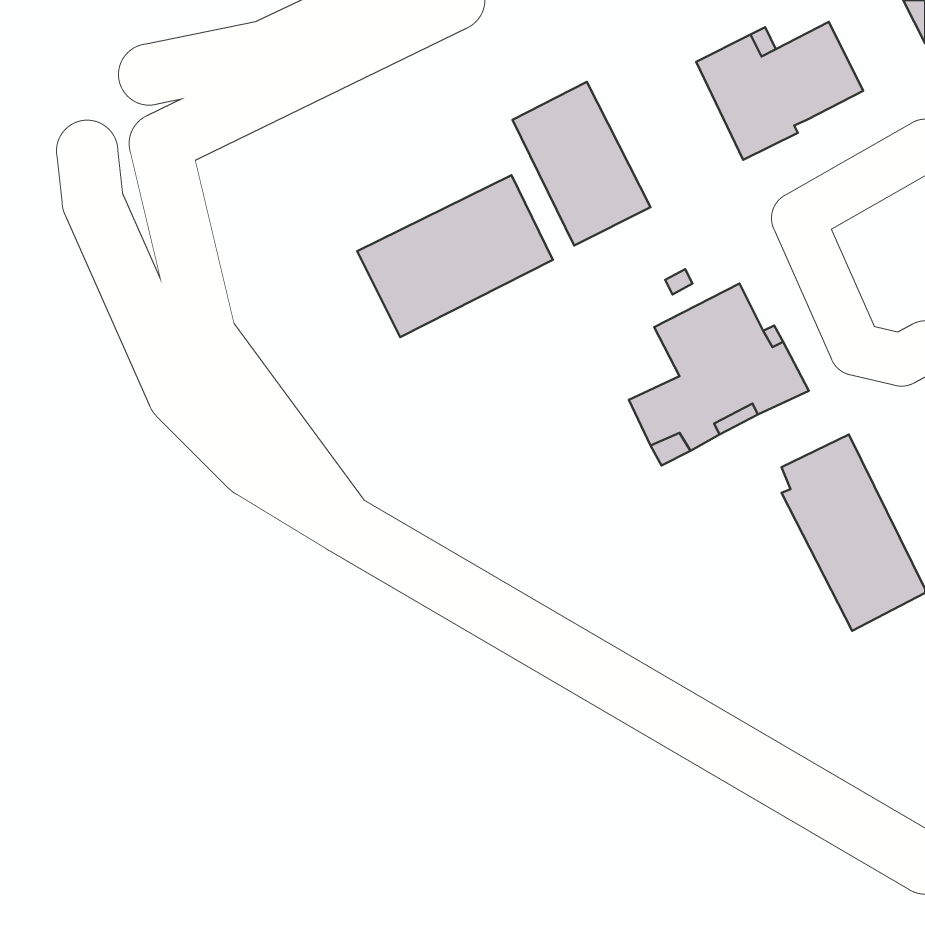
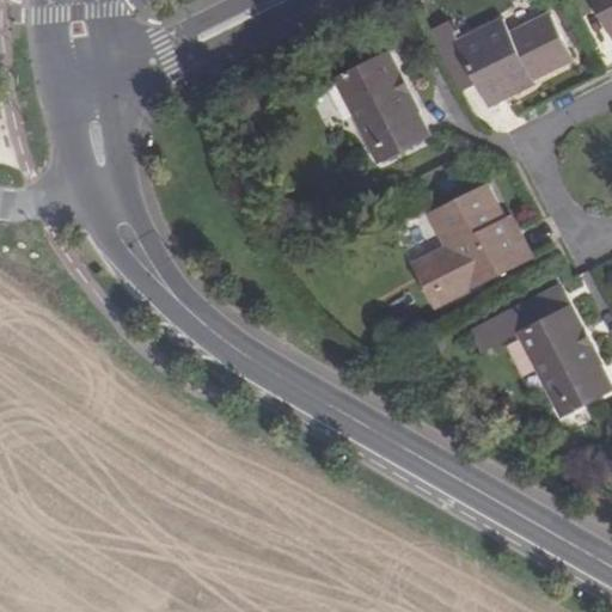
building: [357,175,553,337] -> none
building: none -> [473,307,520,350]

